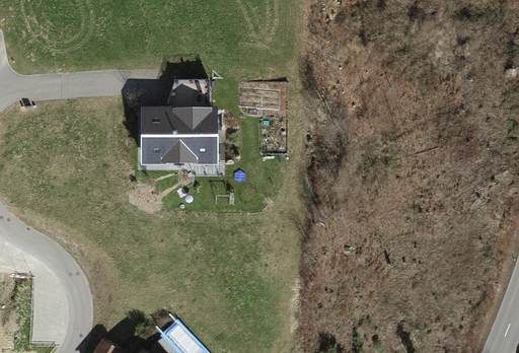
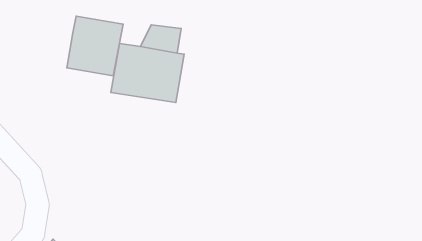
building: none -> [67,16,123,76]

